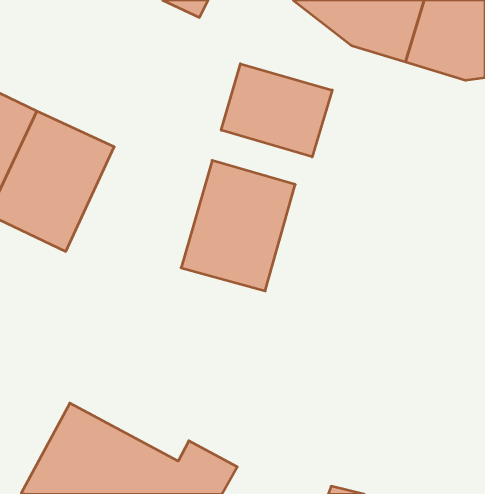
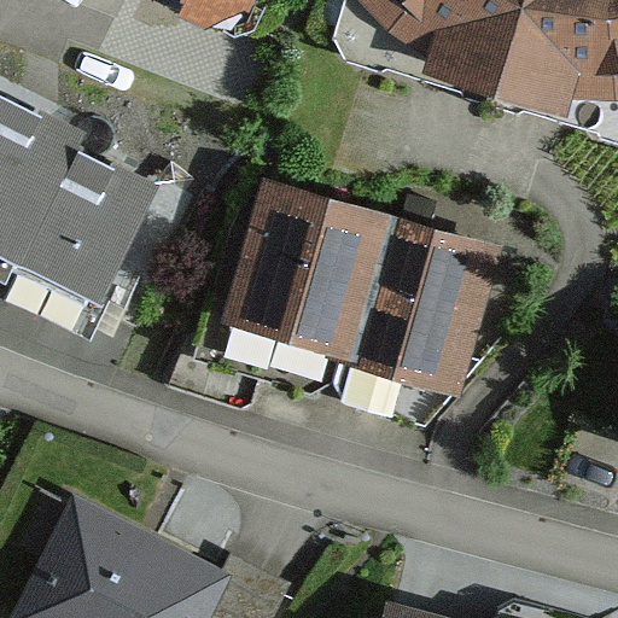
building: [221,64,332,157] -> none
building: none -> [331,231,473,392]

